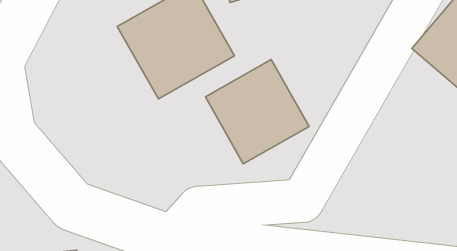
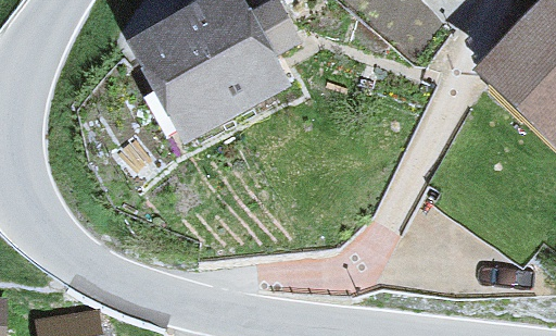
building: [205,60,309,164] -> none

